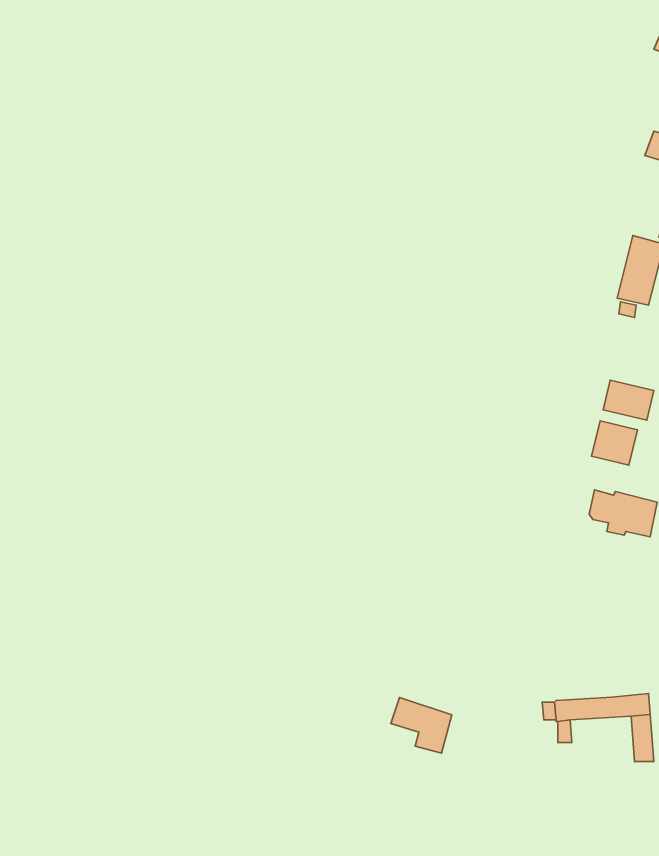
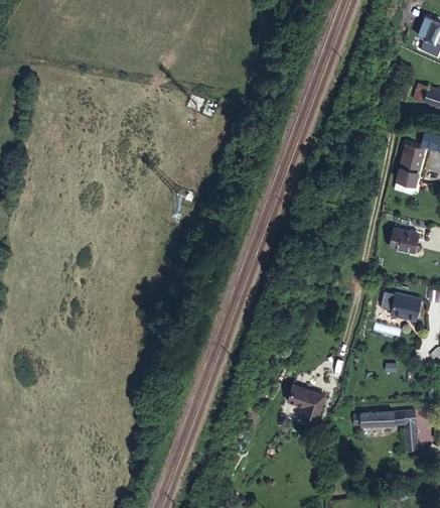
building: [592,421,637,465] -> none
building: [391,697,452,753] -> [289,386,324,418]

